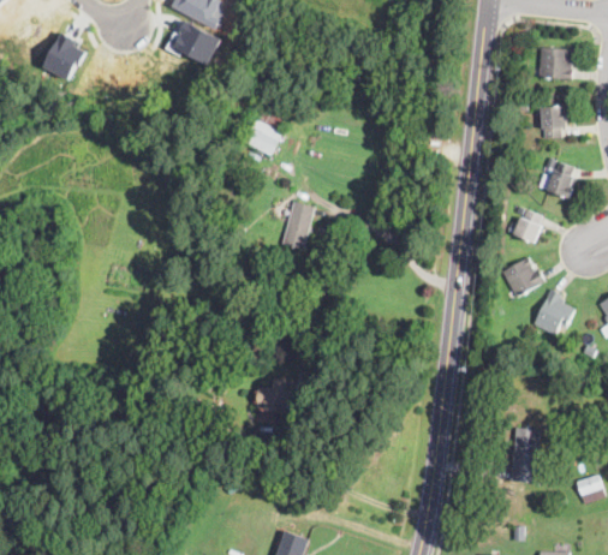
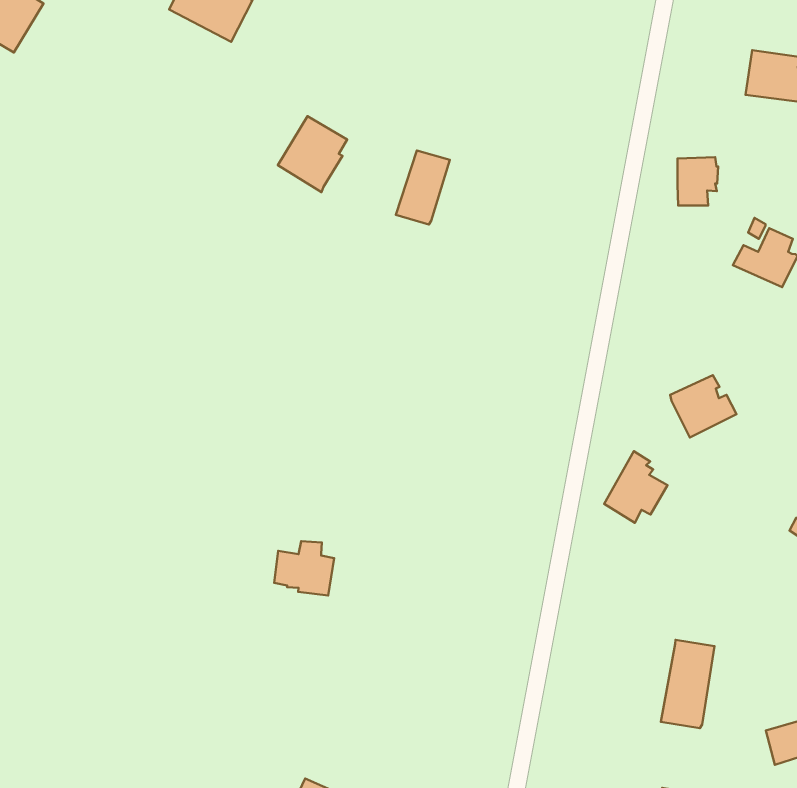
building: [540,106,566,138] -> [677,157,718,206]
building: [280,202,312,249] -> [396,150,450,225]
building: [513,209,543,243] -> none
building: [534,288,573,334] -> [604,451,667,523]

